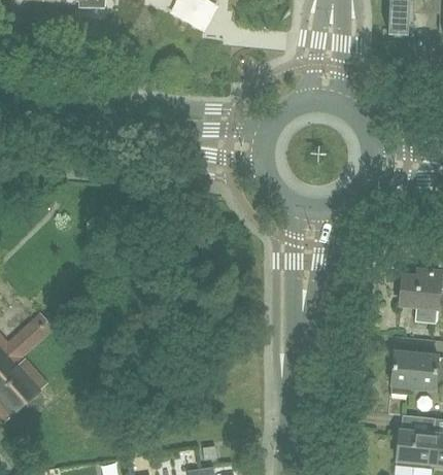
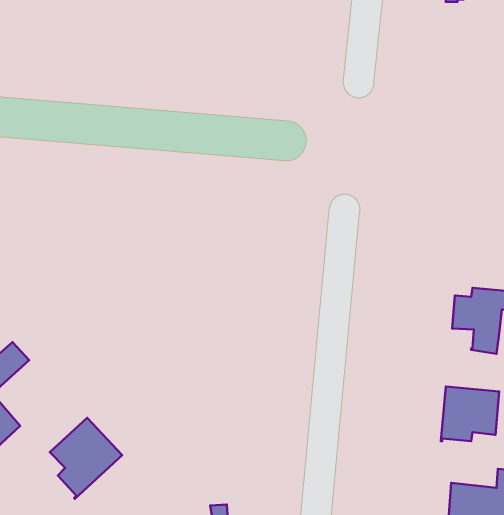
building: none -> [50,418,122,499]

